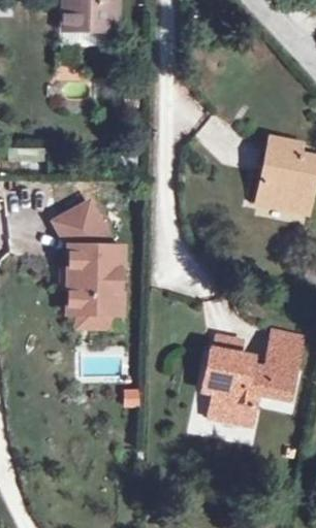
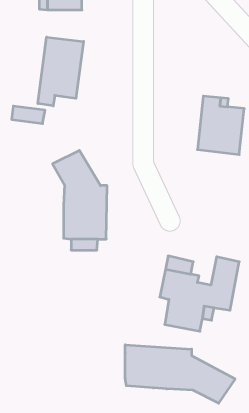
building: none -> [38,37,84,106]
building: none -> [125,345,235,403]

